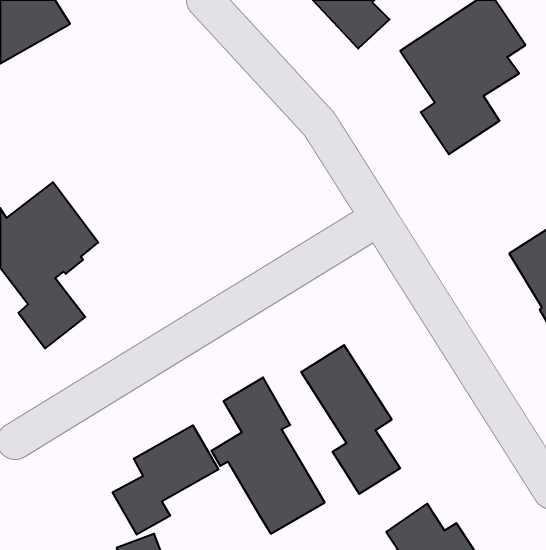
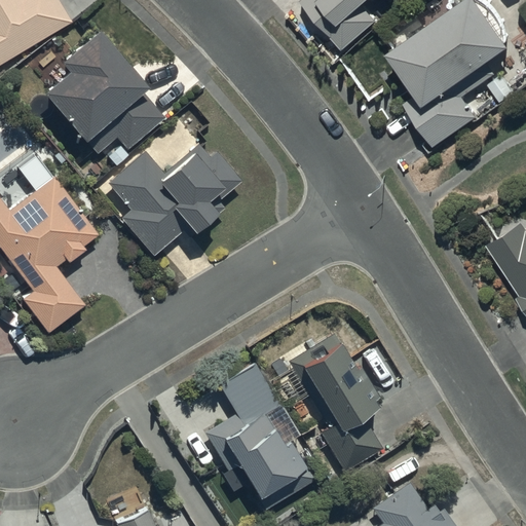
building: none -> [40,31,162,155]
building: none -> [108,146,240,256]
building: [113,425,218,535] -> none

